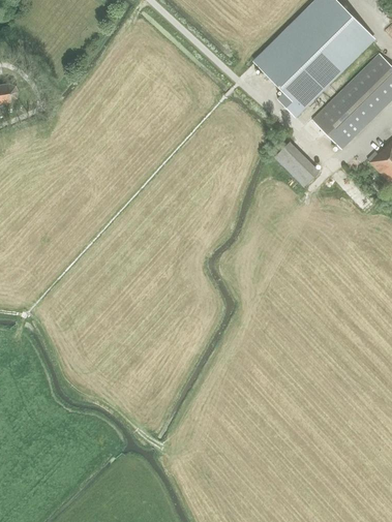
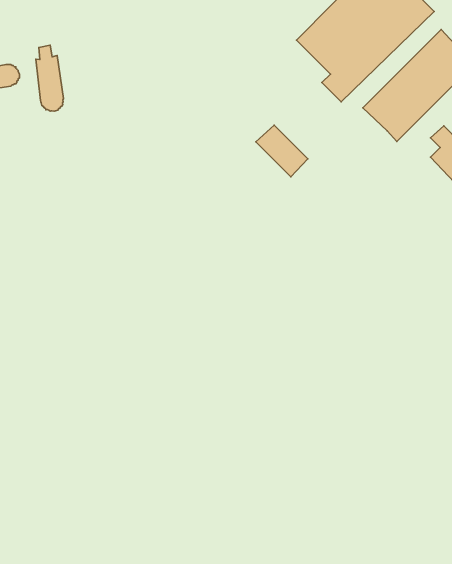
building: none -> [36,45,64,111]
building: [274,142,319,186] -> [256,125,308,177]

